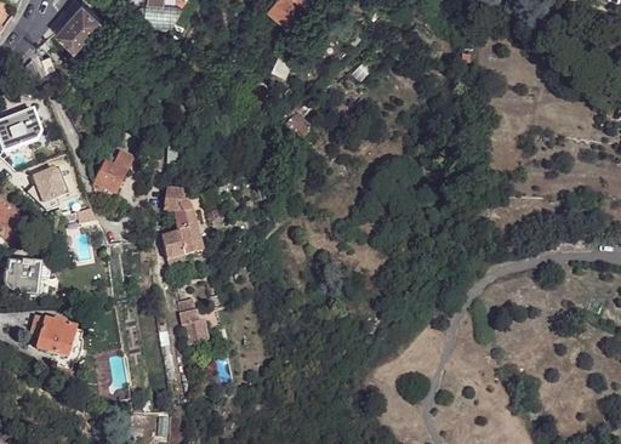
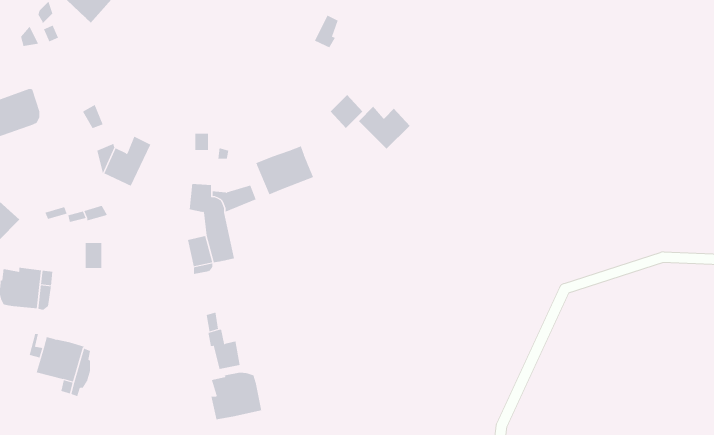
building: none -> [358,106,410,150]
building: none -> [254,145,314,195]
building: [27,169,68,211] -> none
building: none -> [211,372,262,420]

